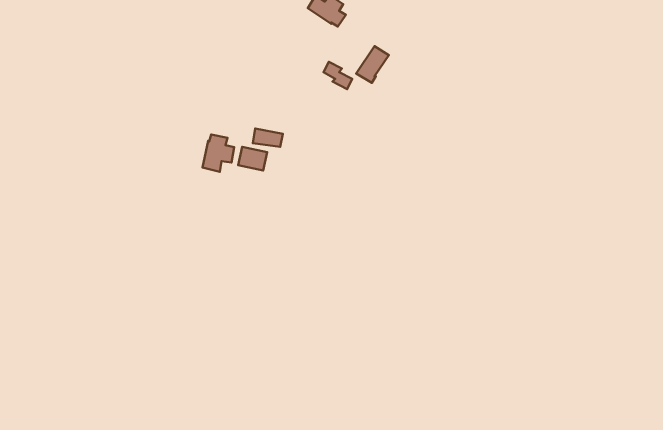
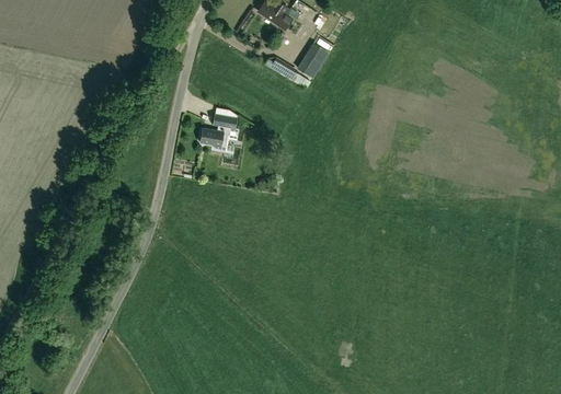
building: [202,135,234,172] -> none

